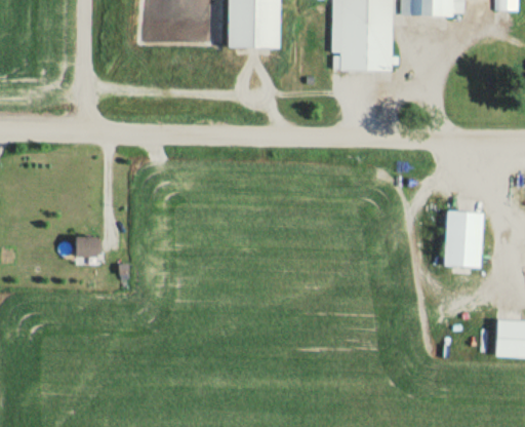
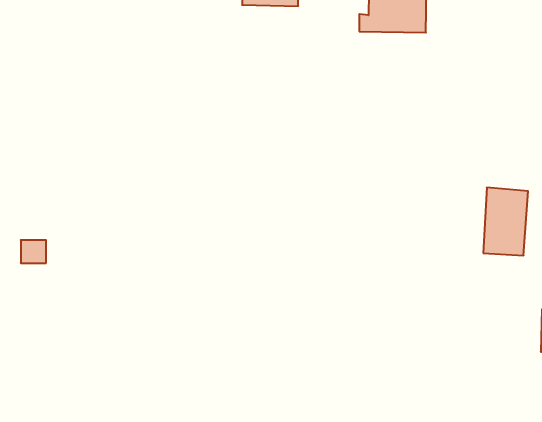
building: [75,236,97,257] -> [21,240,46,263]

